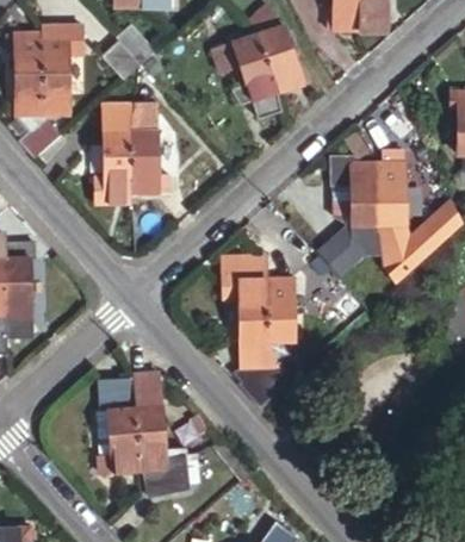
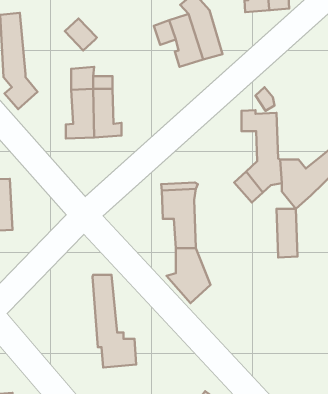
building: [39,21,82,112] -> none
building: [373,161,402,223] -> none
building: [266,275,293,338] -> [276,209,298,257]
building: [95,375,141,469] -> none

